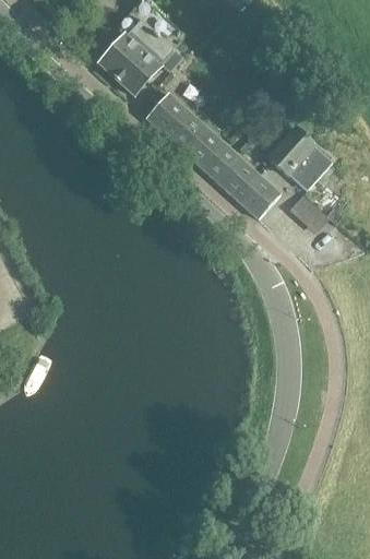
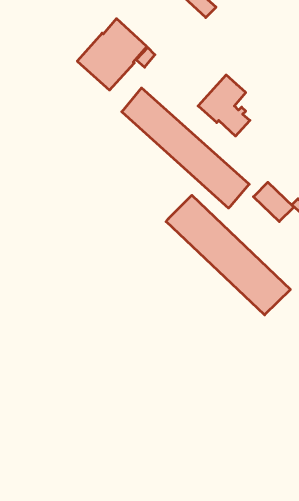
building: [263,126,318,190] -> [198,75,250,136]
building: none -> [166,195,290,315]

